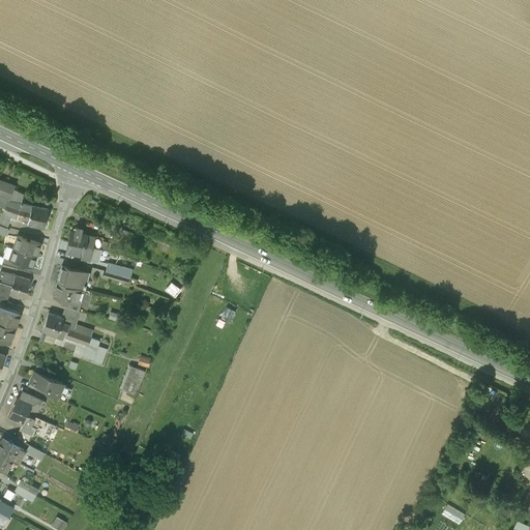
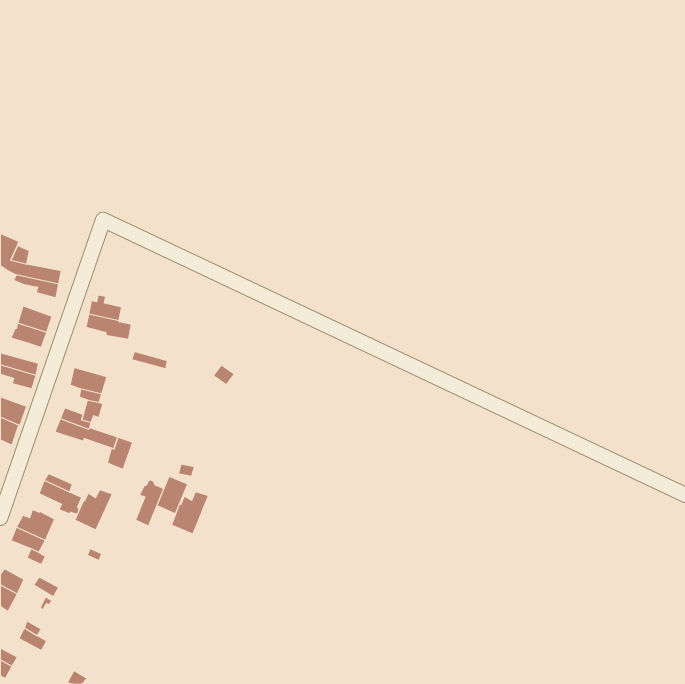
building: [57,267,91,292] -> none
building: none -> [136,480,164,526]
building: none -> [75,489,113,530]
building: none -> [172,492,209,534]

